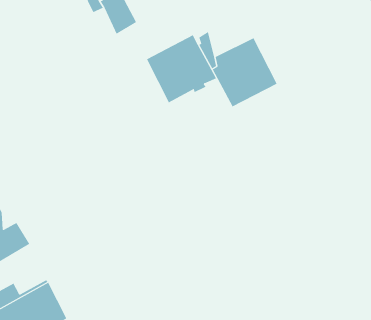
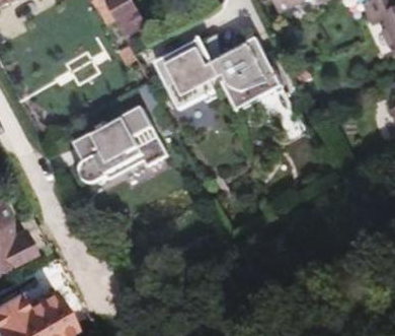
building: none -> [71,109,161,183]

